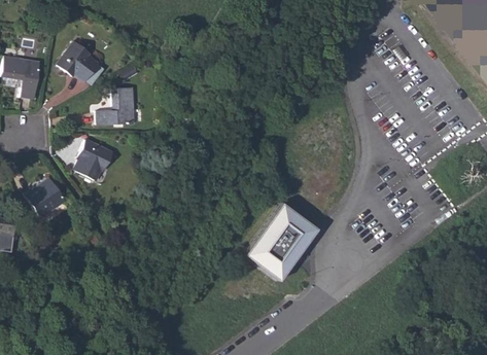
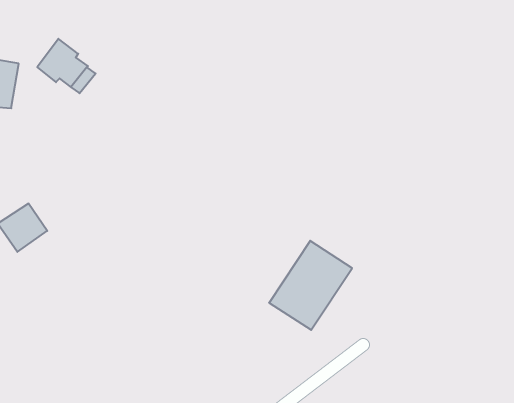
building: [97,85,134,123] -> none
building: [74,137,112,179] -> none

